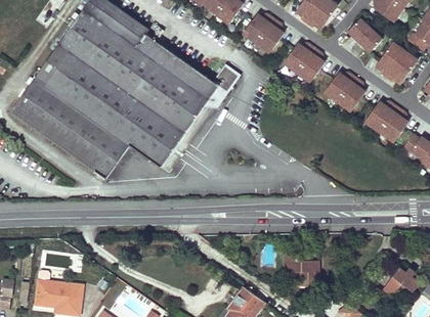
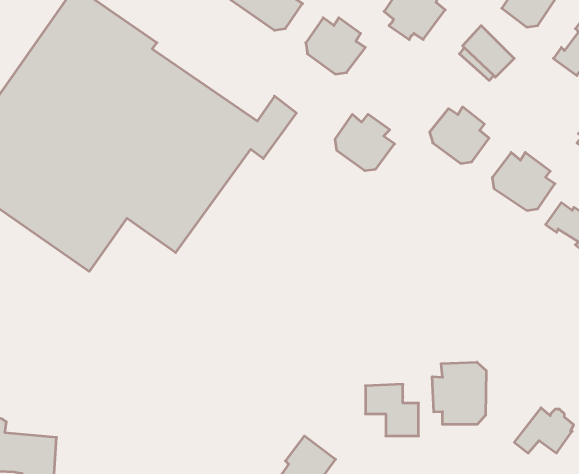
building: [286,43,325,80] -> [335,114,395,171]
building: [376,44,416,82] -> none
building: none -> [432,362,486,424]

